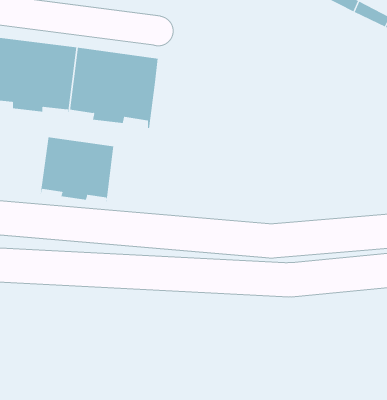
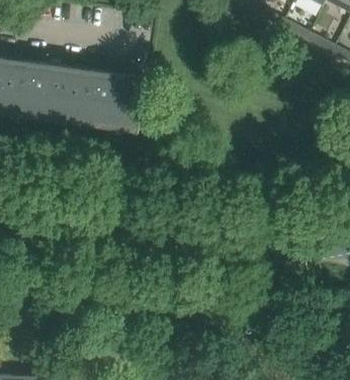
building: [40,137,114,203] -> none

